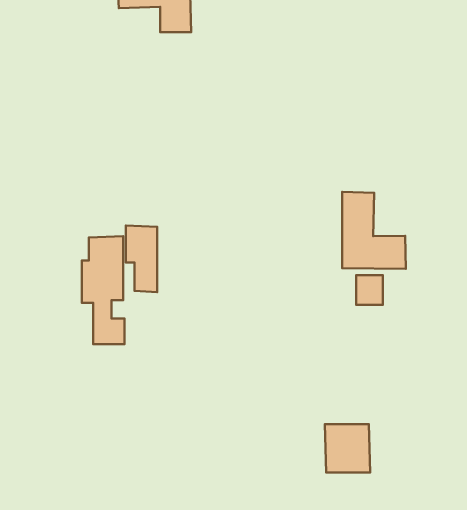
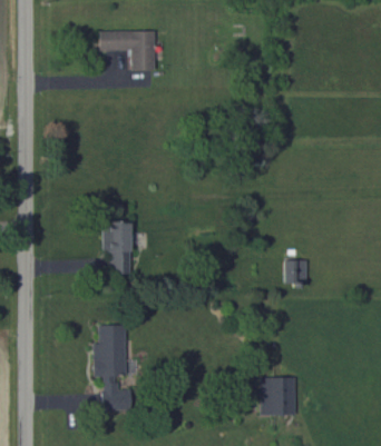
building: [342,192,406,269] -> none
building: [82,236,124,344] -> [94,325,127,409]

